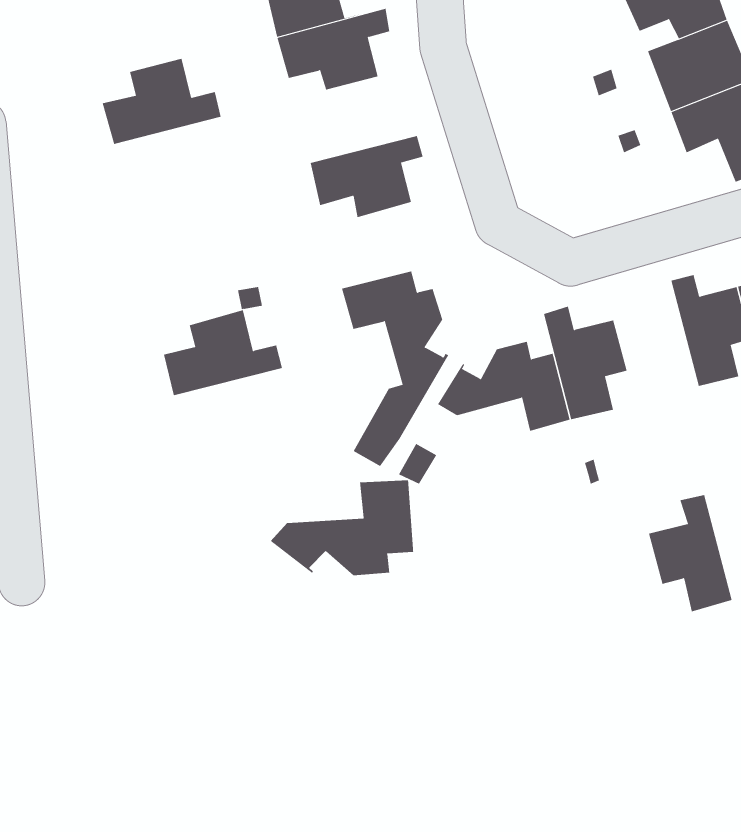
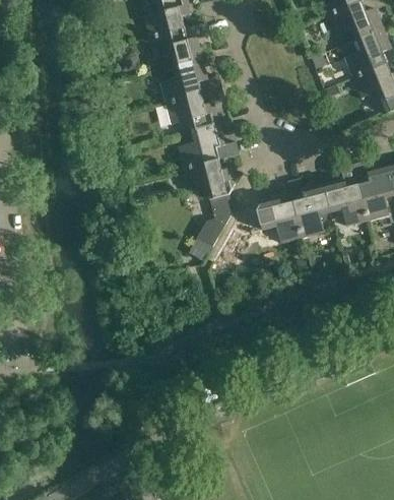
building: [102,58,221,144] -> [160,59,222,104]
building: [163,309,283,396] -> [178,124,240,169]
building: [270,479,417,595] -> none
building: [648,494,732,612] -> [324,165,368,226]

